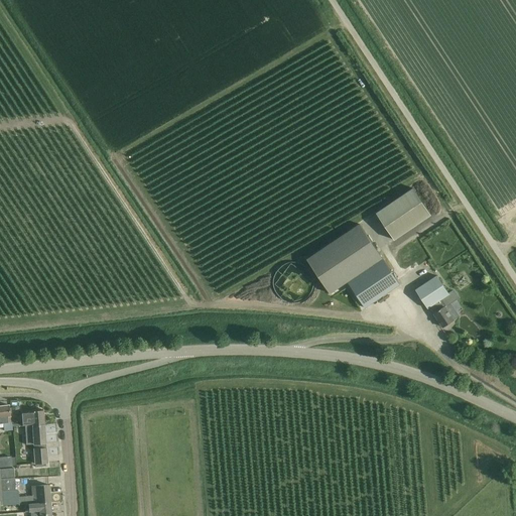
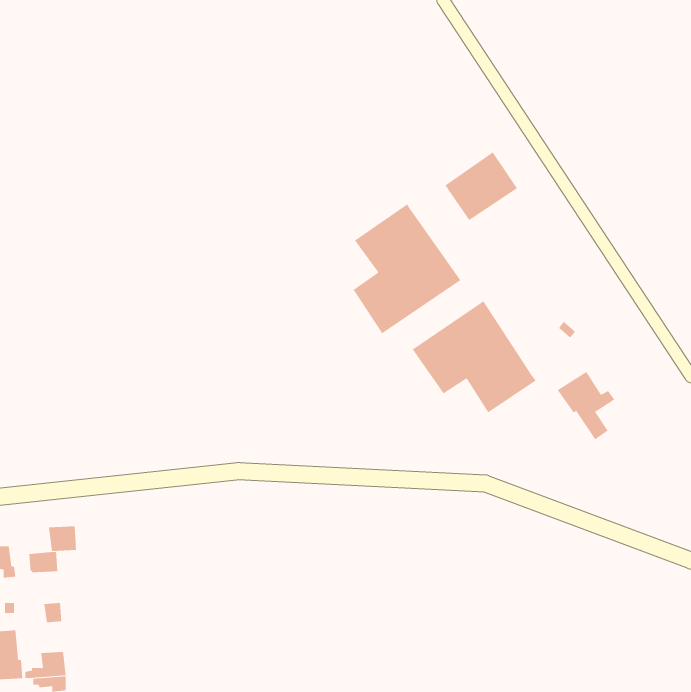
building: none -> [353,204,461,334]
building: [376,187,430,239] -> [445,152,518,221]
building: [23,425,44,444] -> [48,526,77,551]

